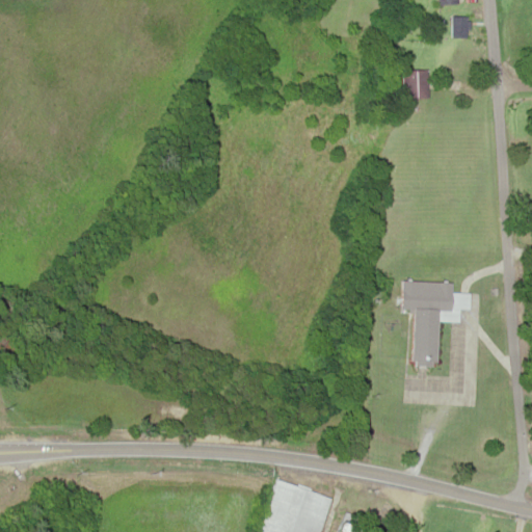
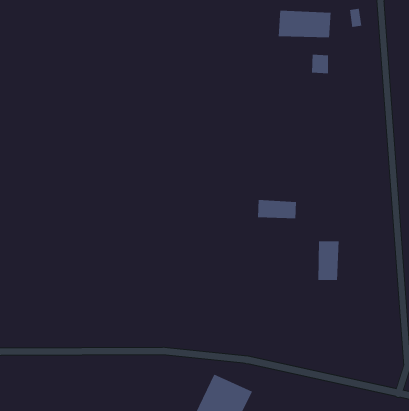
building: none -> [278,10,331,38]
building: [404,284,455,309] -> [257,200,297,219]

